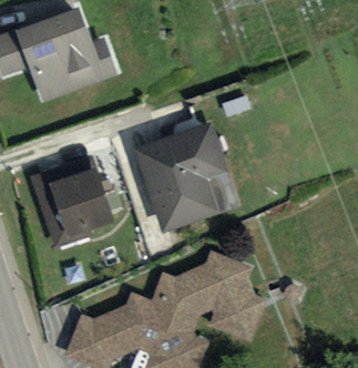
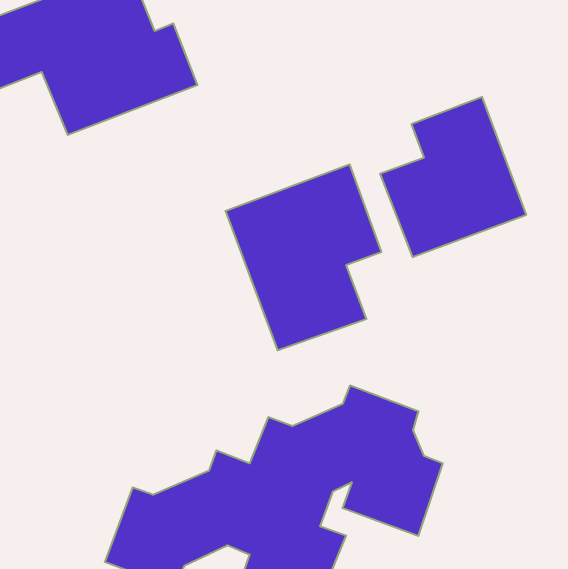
building: none -> [380,97,526,257]
building: [38,170,123,244] -> none

